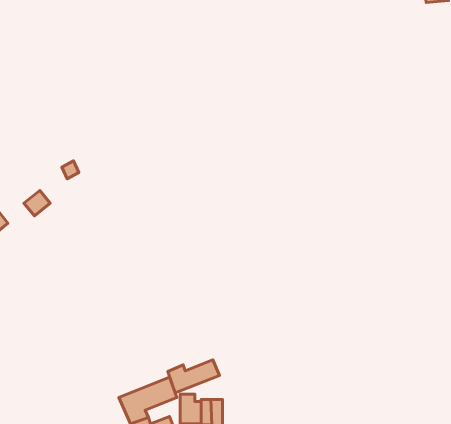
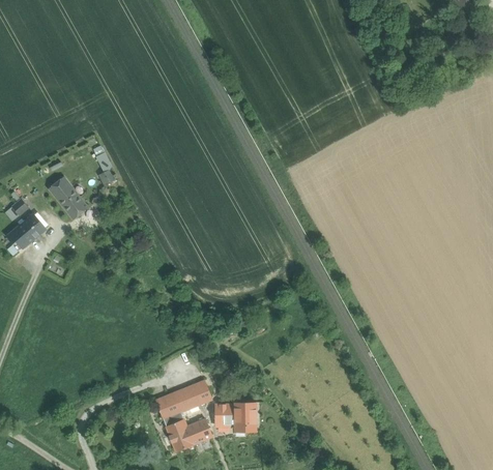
building: none -> [48,180,77,210]
building: [168,360,219,393] -> none

